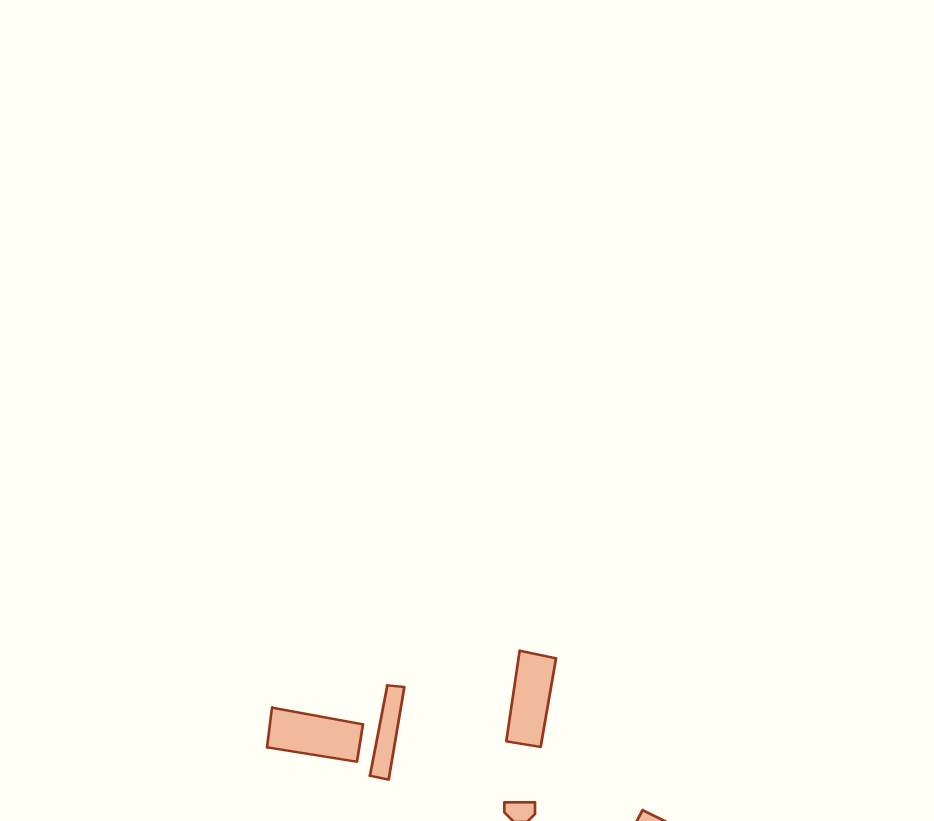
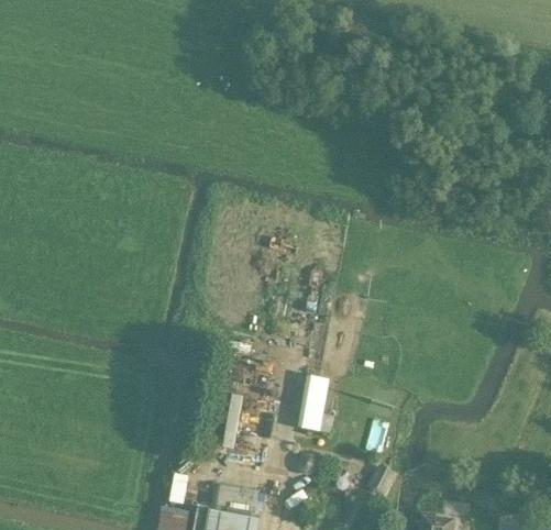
building: [267,707,363,762] -> none

